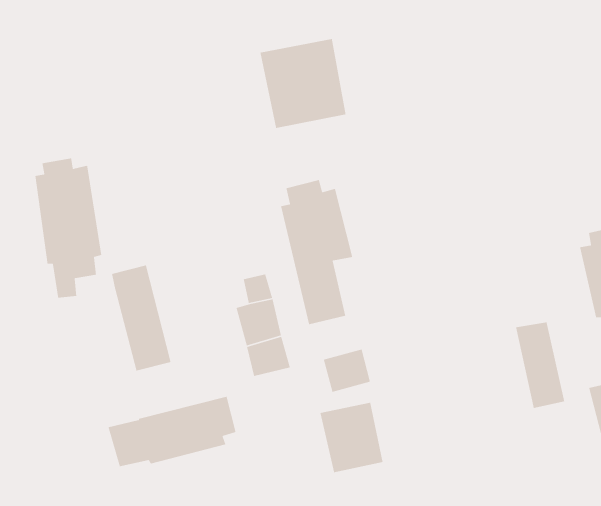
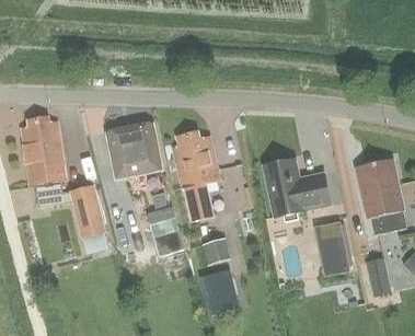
building: [259,38,347,129] -> [107,123,161,178]
building: none -> [263,159,332,218]
building: [108,396,236,467] -> none

